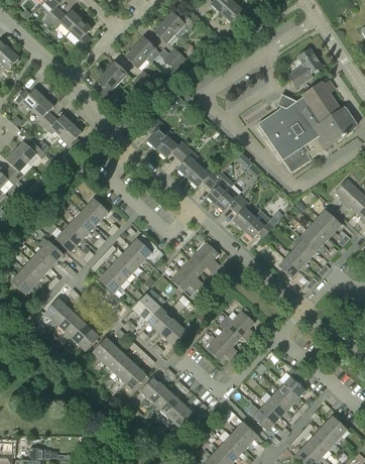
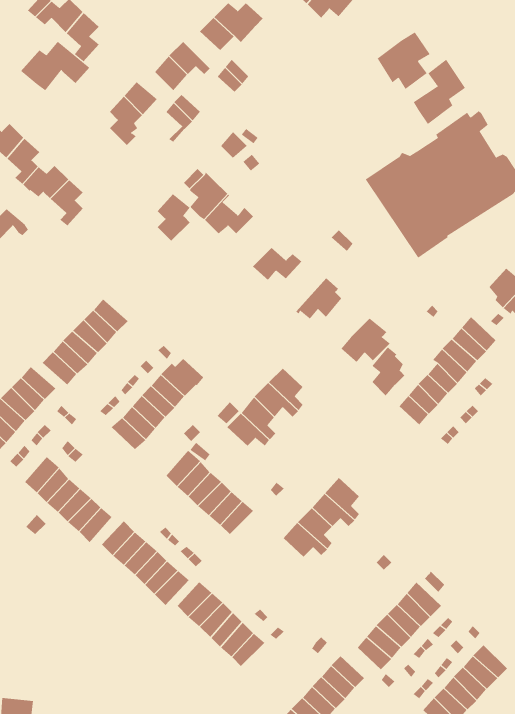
building: none -> [377,32,430,90]
building: none -> [20,41,90,91]
building: [177,147,199,178] -> [157,193,191,242]
building: [207,172,233,206] -> none
building: [233,198,254,229] -> [371,346,405,396]

